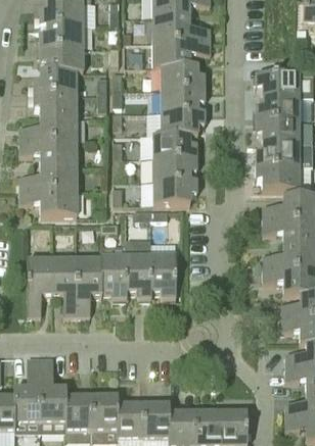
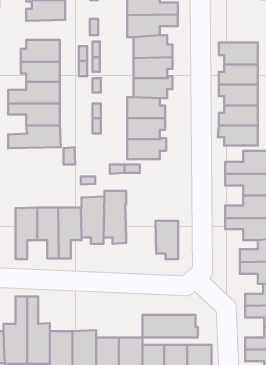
building: [39,47,84,71] -> none
building: [18,190,78,213] -> none
building: [150,254,176,297] -> [155,221,178,259]
building: none -> [143,315,198,338]

